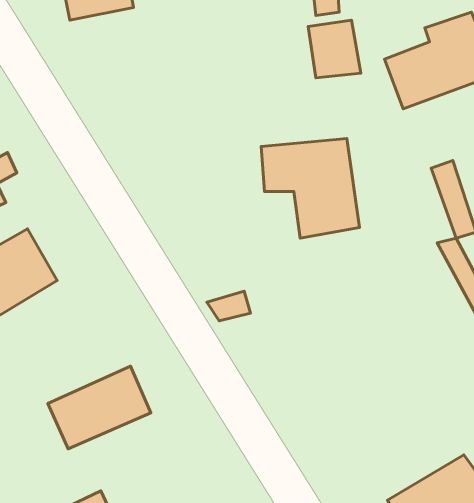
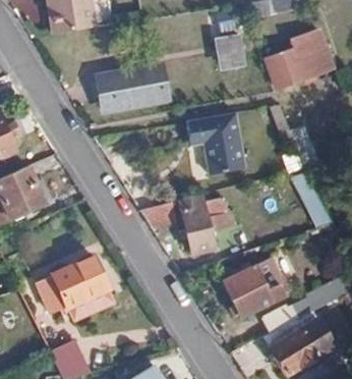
building: none -> [93,61,171,115]
building: none -> [184,196,236,255]
building: none -> [226,264,286,317]

